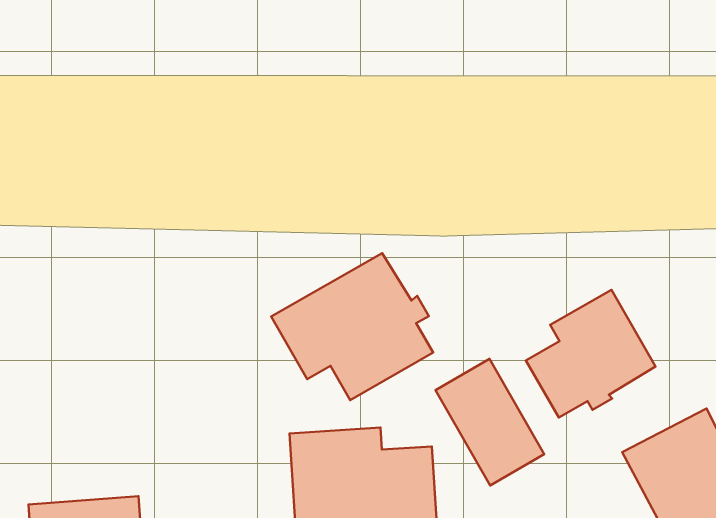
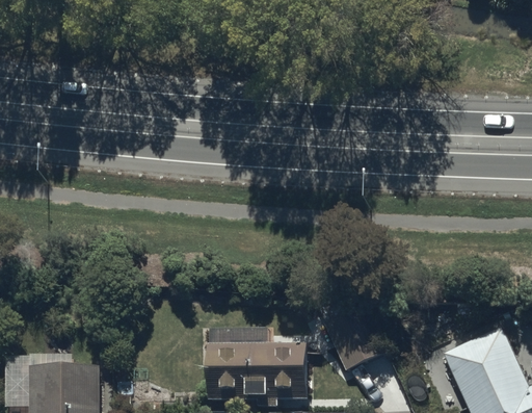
building: [271,253,433,400] -> none
building: [526,290,656,418] -> none

